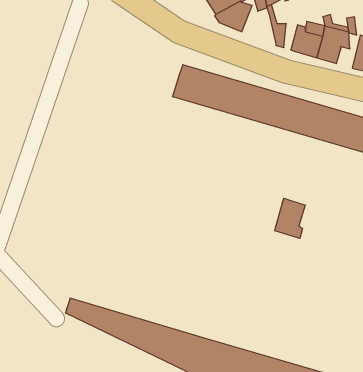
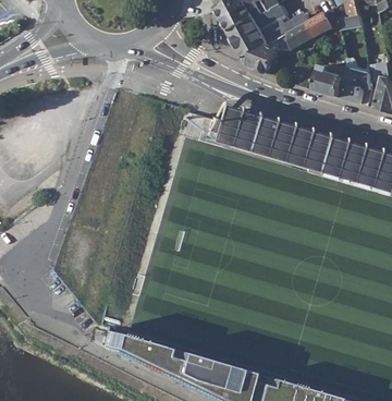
building: [275,198,305,238] -> none

